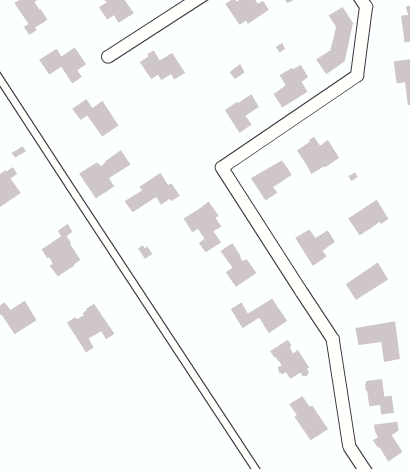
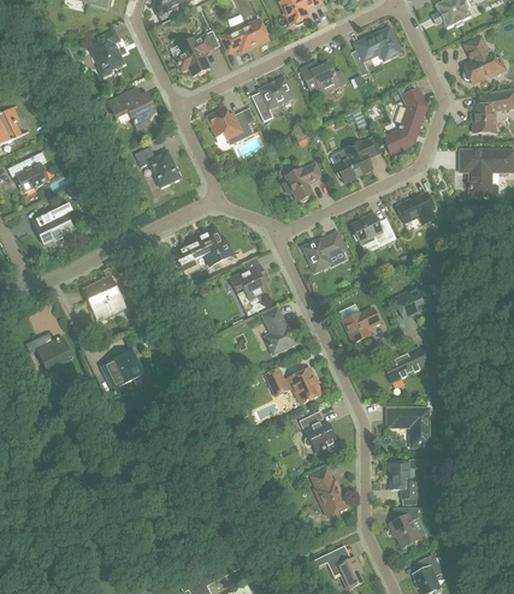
building: none -> [255,76,293,120]
building: none -> [396,190,435,222]
building: [78,149,131,200] -> none

